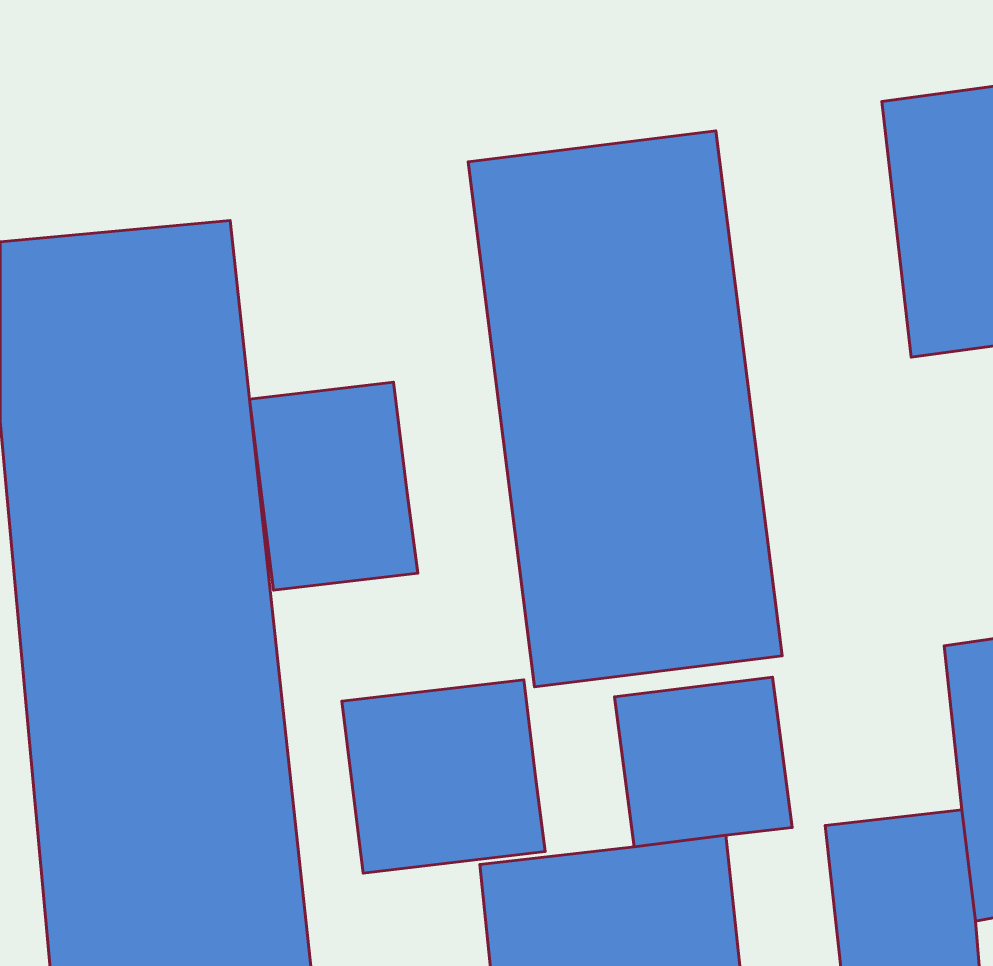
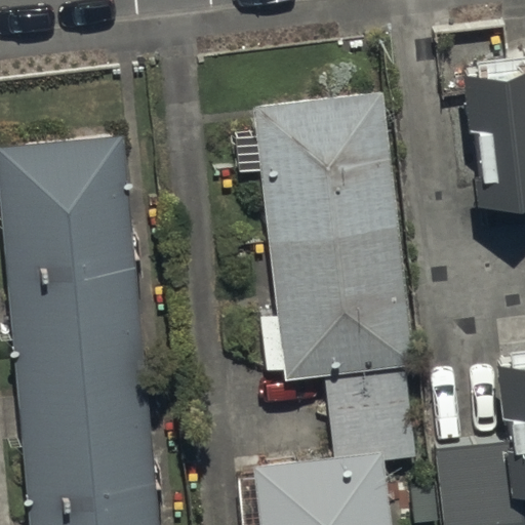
building: [250,382,418,590] -> none
building: [342,680,545,873] -> none

